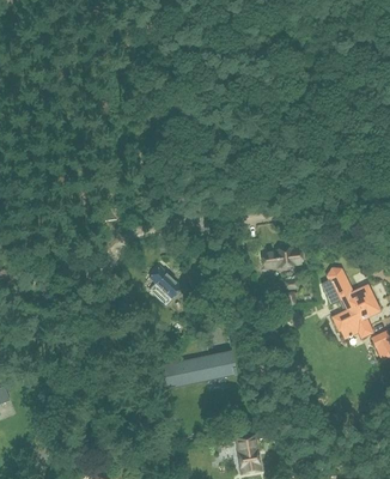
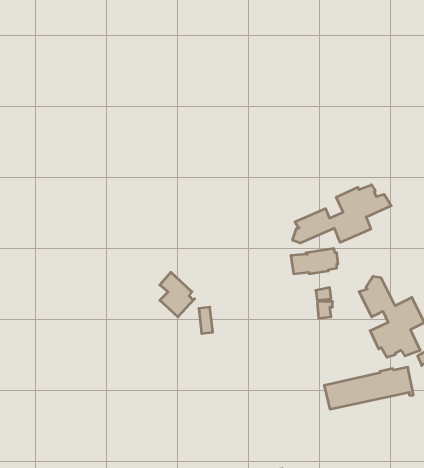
building: none -> [293,185,391,243]
building: [162,351,238,387] -> [324,367,413,409]

